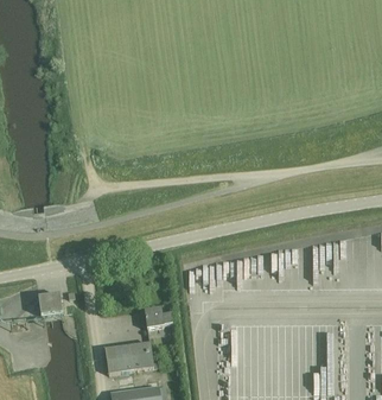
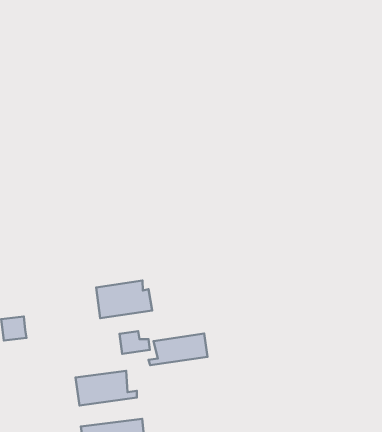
building: none -> [96,281,152,318]
building: none -> [148,333,207,365]

